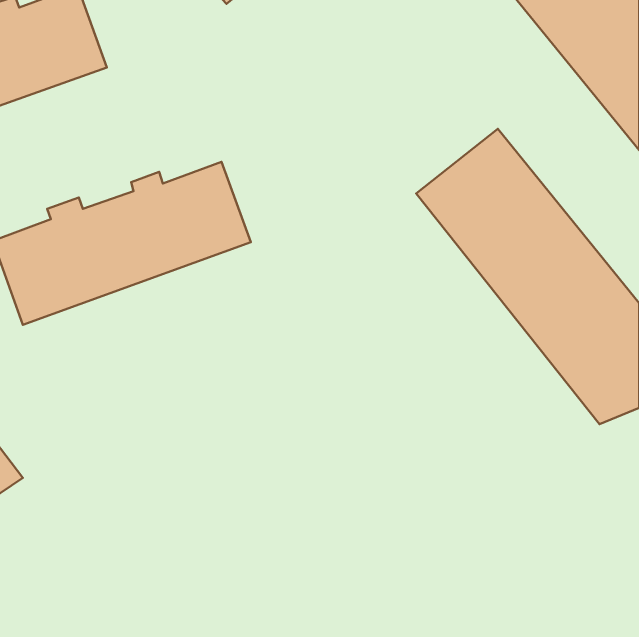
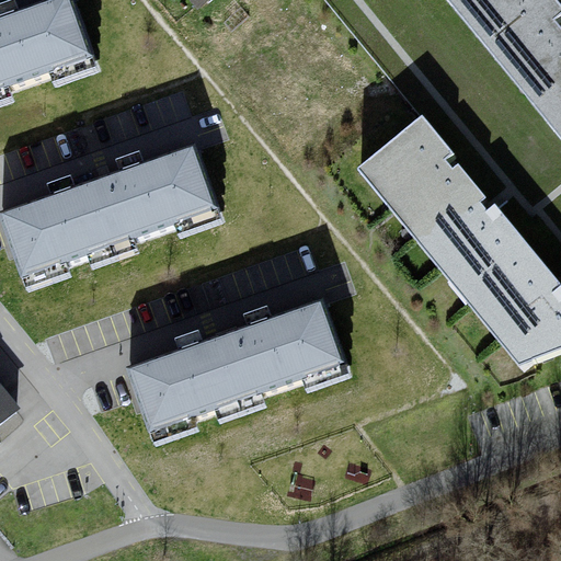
building: none -> [121,294,344,433]

